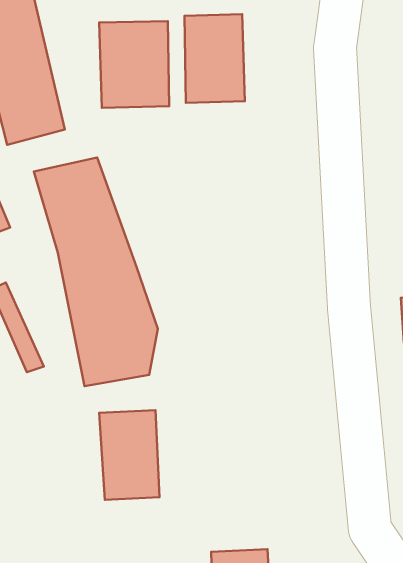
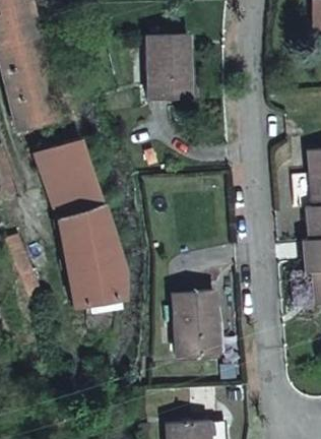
building: [99,21,169,108] -> none
building: [99,410,160,500] -> [172,292,215,357]

